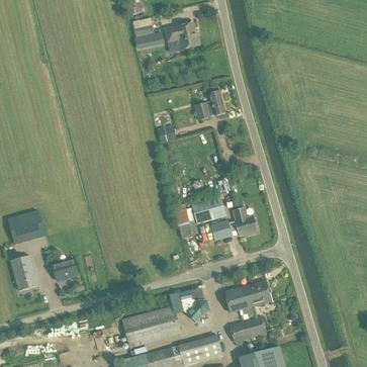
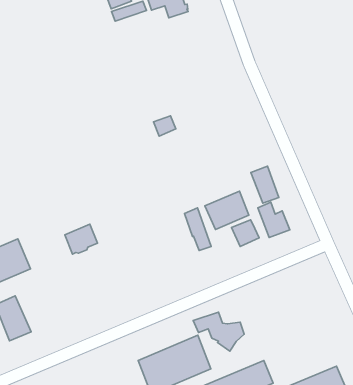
building: [194,91,224,120] -> none
building: none -> [251,166,279,203]
building: [52,259,77,281] -> [65,224,97,254]
building: [223,281,271,313] -> none
building: [226,318,263,344] -> none

